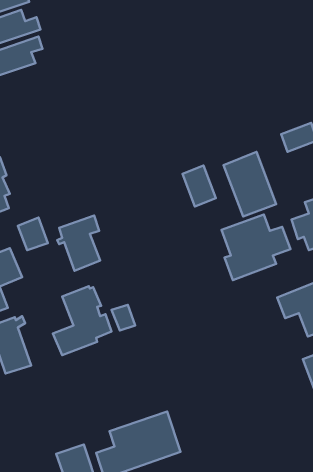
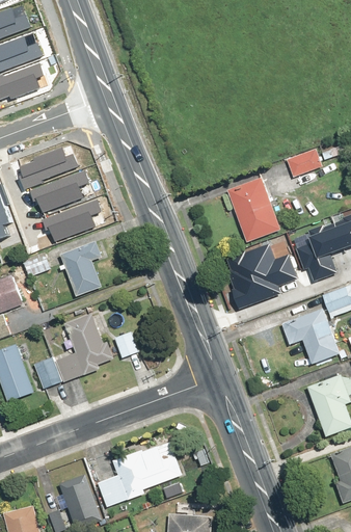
building: none -> [20,148,77,178]
building: none -> [30,168,90,211]
building: [183,165,216,207] -> none
building: none -> [40,196,101,239]
building: none -> [34,357,62,391]

